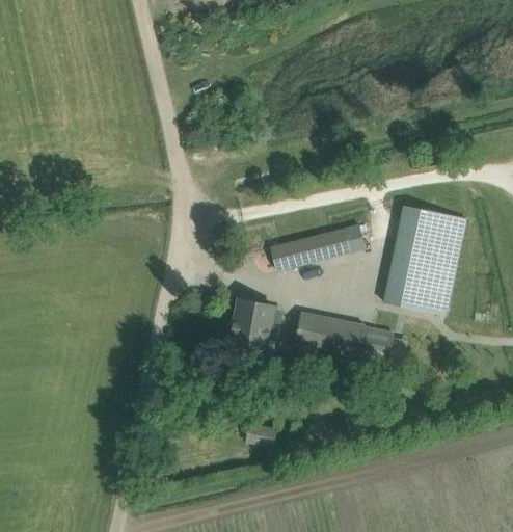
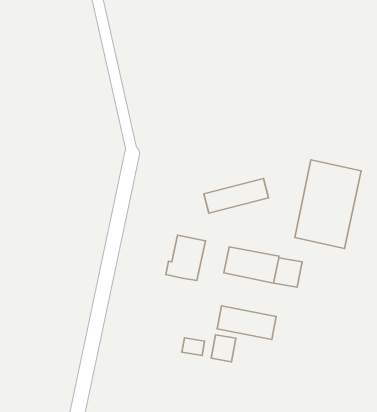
building: none -> [217,306,276,339]
building: none -> [211,335,236,362]

